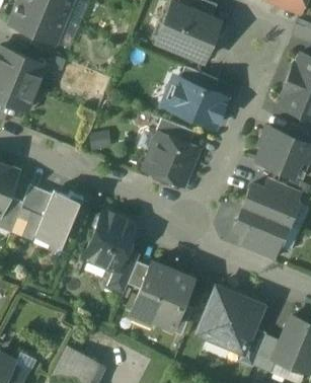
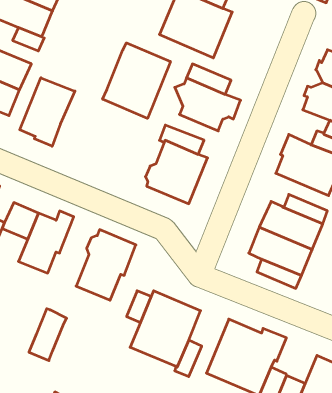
building: none -> [103,43,170,118]
building: none -> [20,78,75,146]
building: [107,248,140,293] -> [29,309,67,361]

